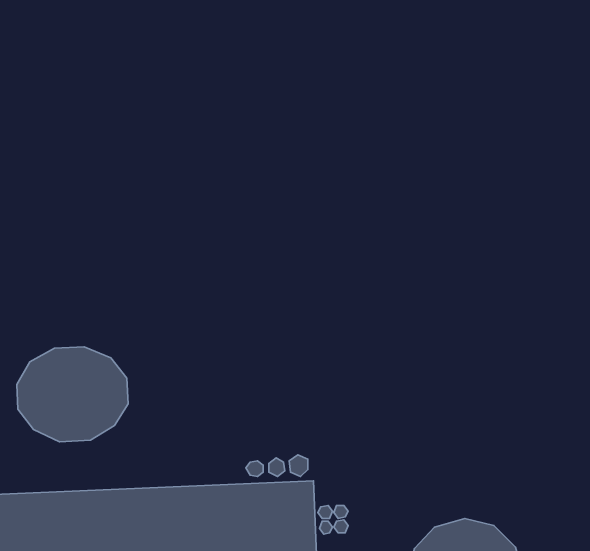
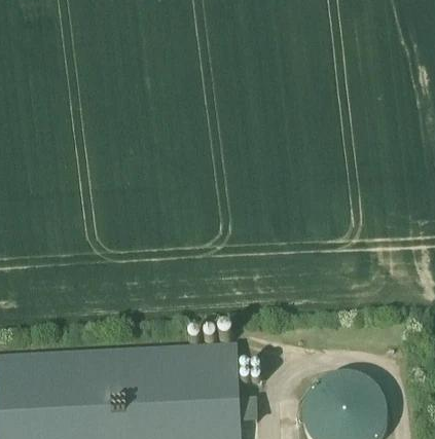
building: [17,347,128,442] -> none

